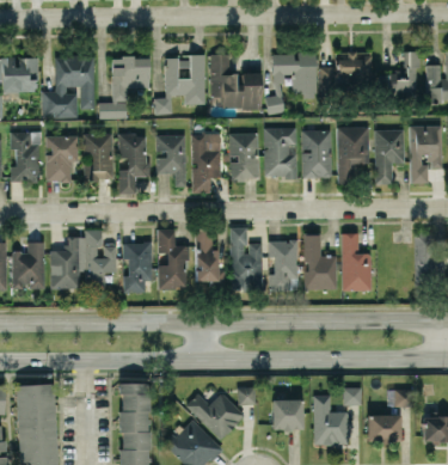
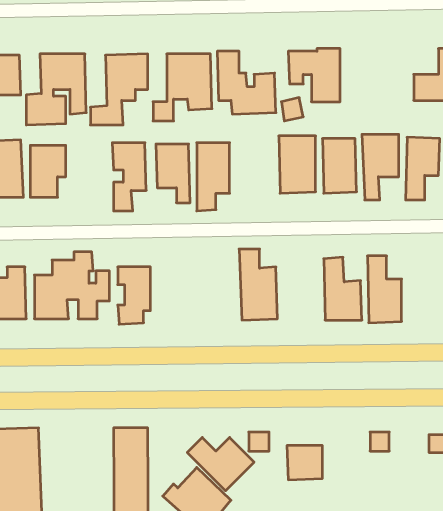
building: [320,53,373,86] -> none
building: [229,133,259,179] -> none
building: [82,134,113,181] -> none
building: [158,228,190,289] -> none
building: [196,230,225,282] -> none
building: [268,240,297,292] -> none
building: [313,394,346,445] -> none
building: [367,415,400,441] -> none

